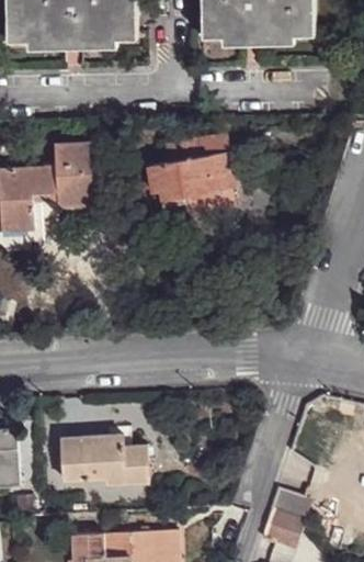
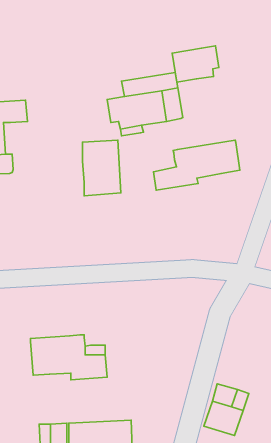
building: none -> [172,46,219,82]
building: [55,143,99,206] -> [82,140,121,196]
building: none -> [154,140,240,190]

